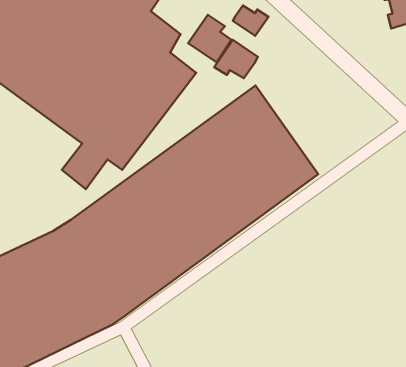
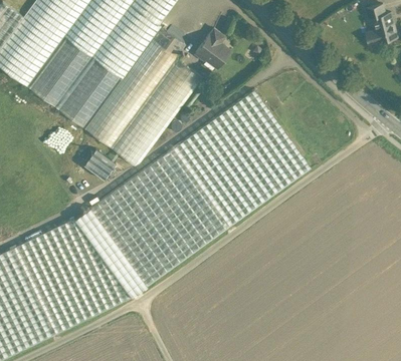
building: [233,6,268,36] -> none
building: [214,40,258,78] -> none

